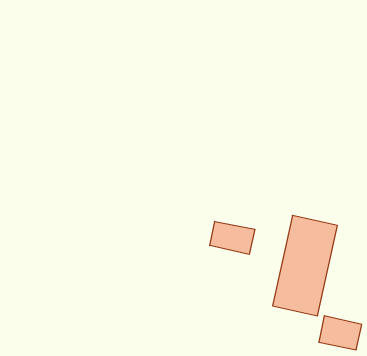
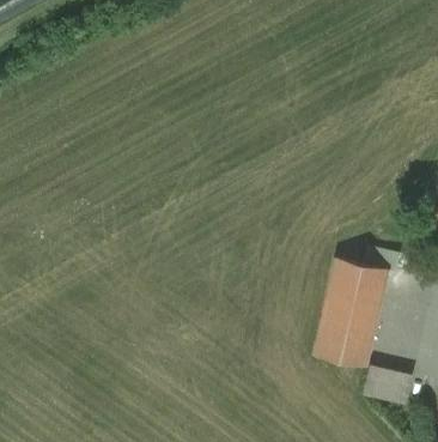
building: [210,221,255,254] -> none

